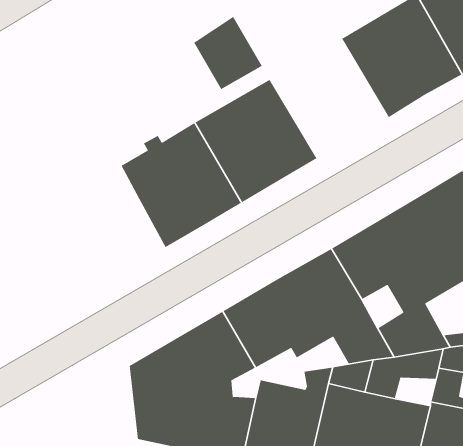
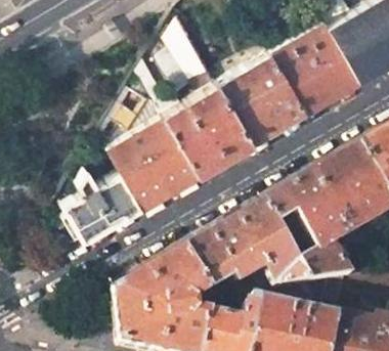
building: none -> [218,47,305,135]
building: none -> [63,163,141,233]

